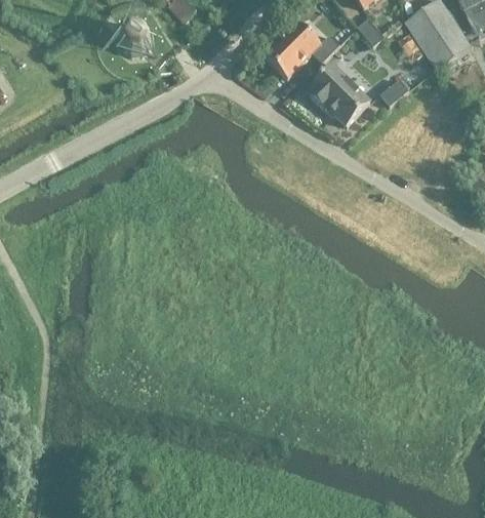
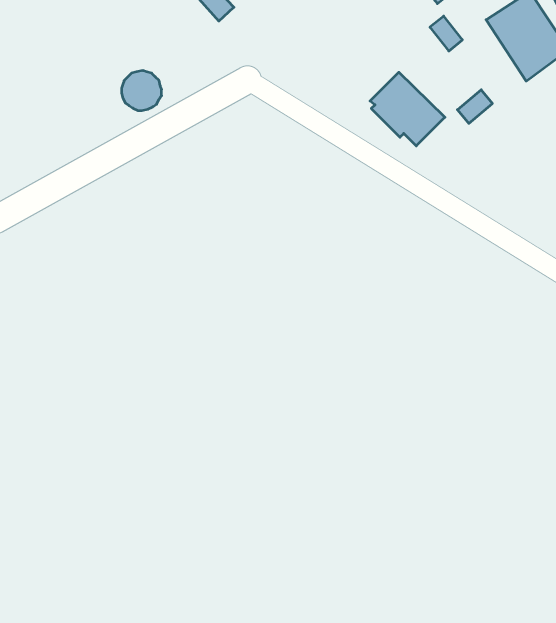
building: [119,21,152,53] -> [122,71,162,111]
building: [265,22,339,77] -> none

